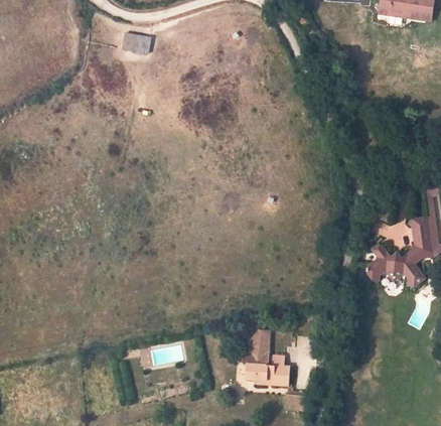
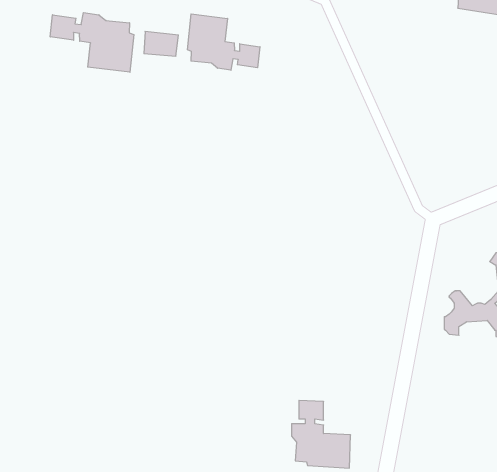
building: none -> [50,13,134,72]
building: none -> [188,14,260,70]

